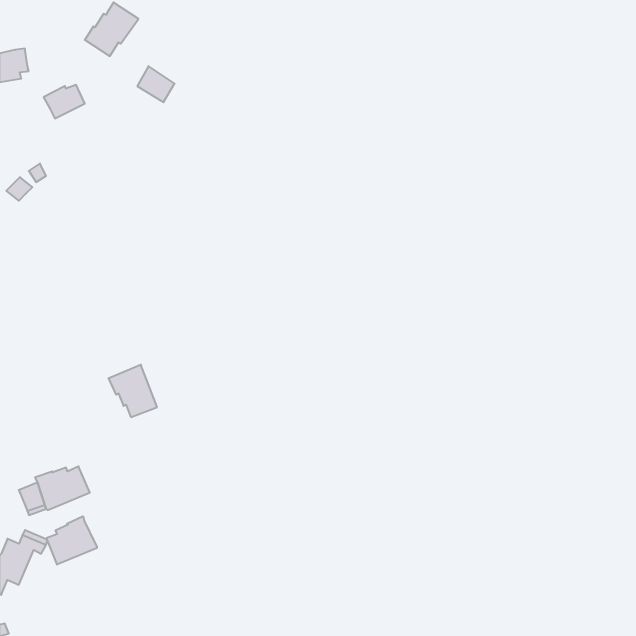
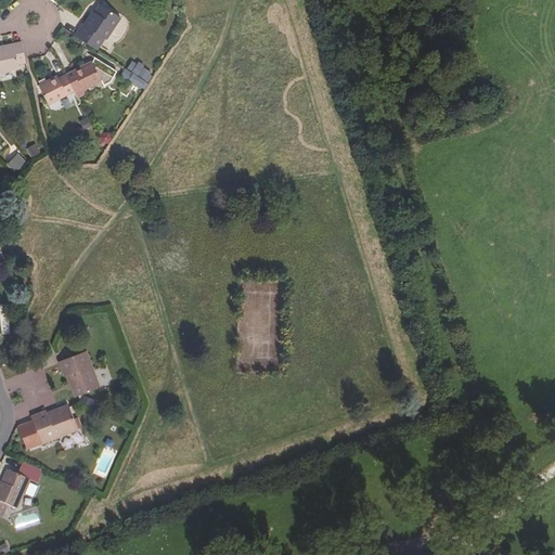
building: none -> [66,56,114,96]
building: [108,365,157,417] -> [57,349,100,395]
building: [47,516,97,565] -> none

